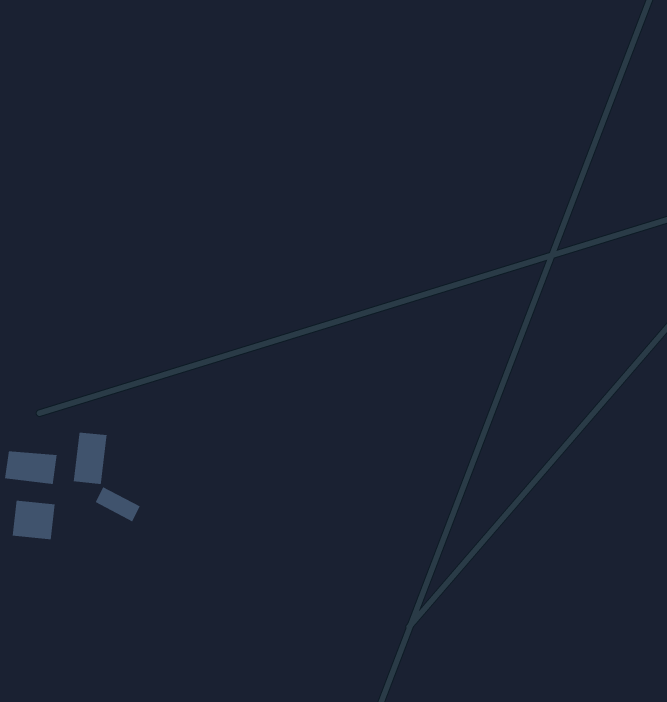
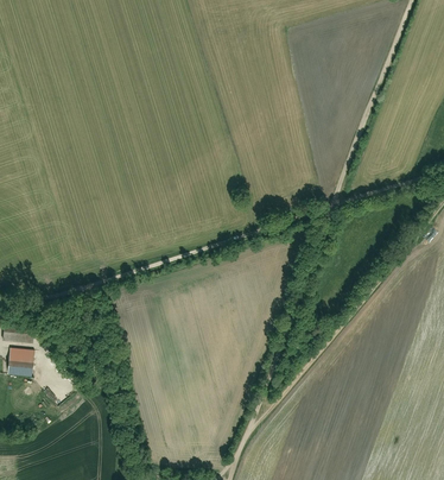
building: [73,432,107,485] -> none

